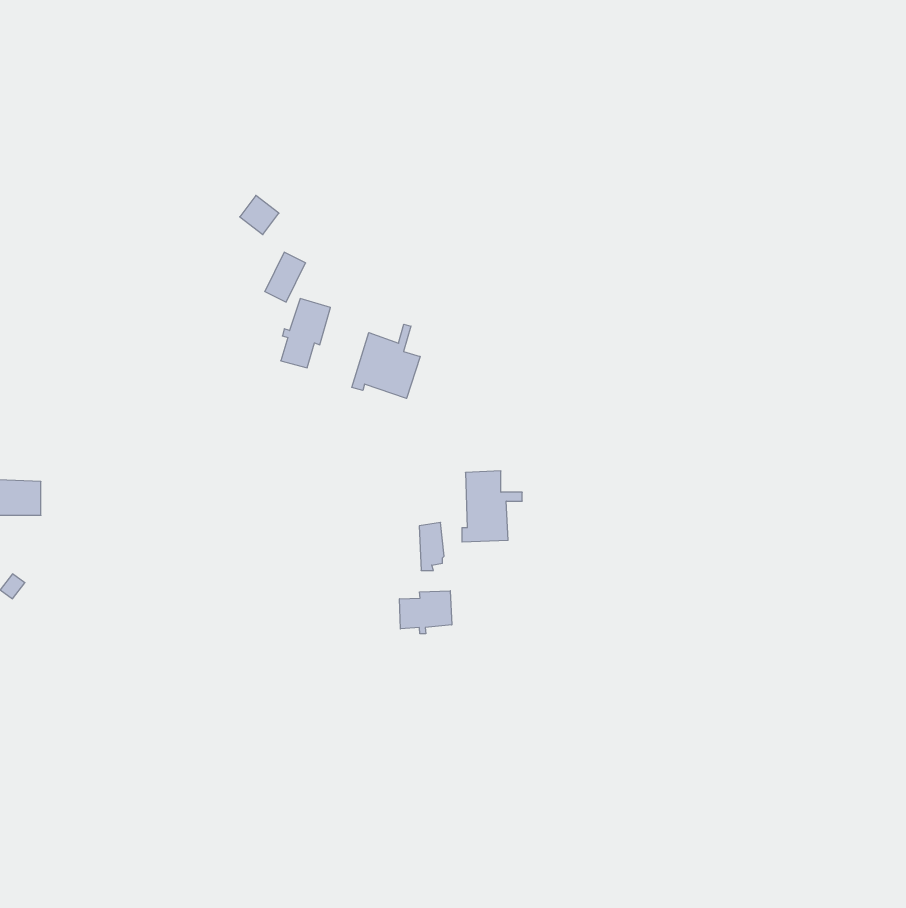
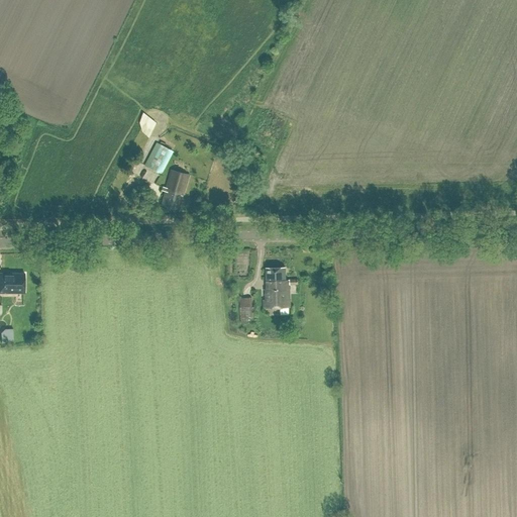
building: [352,324,420,398] -> none
building: [400,591,452,634] -> none

